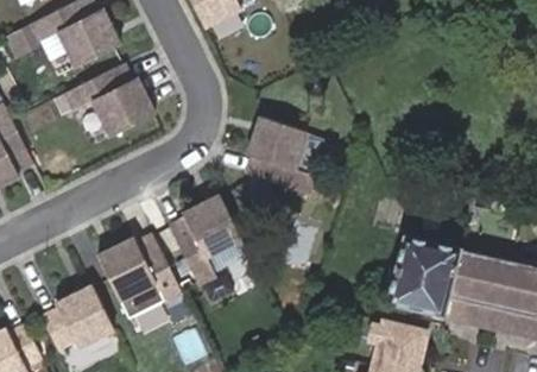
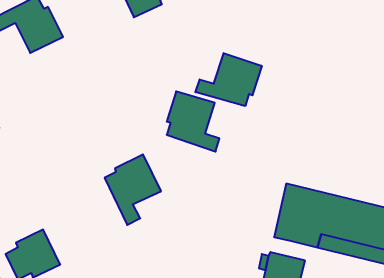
building: [64,64,154,138] -> none
building: none -> [195,53,262,106]
building: [99,235,181,319] -> none

